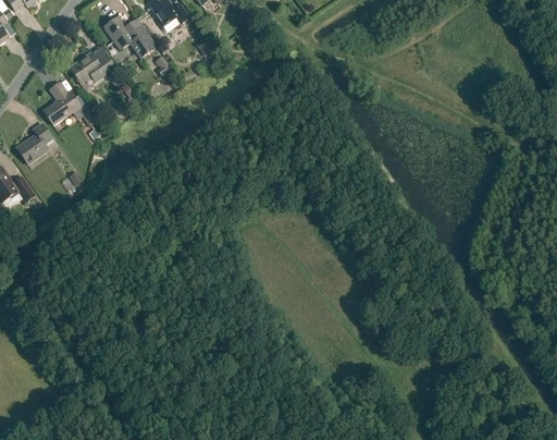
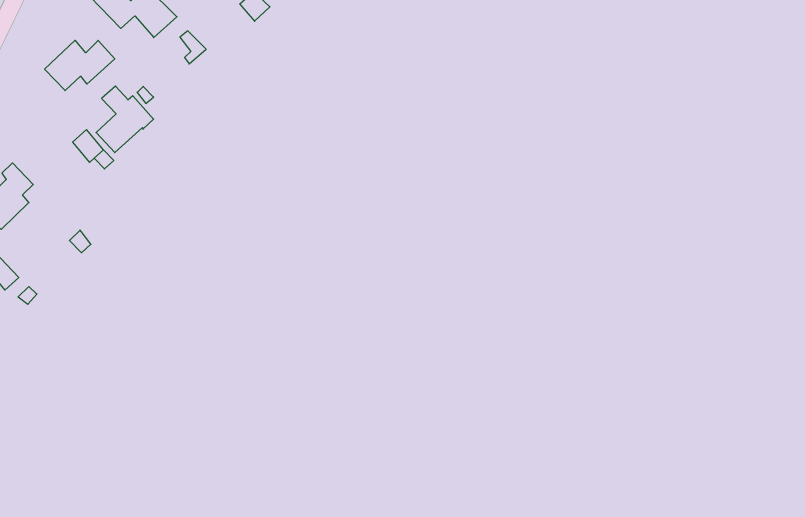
building: [42,82,79,123] -> [96,86,154,153]

